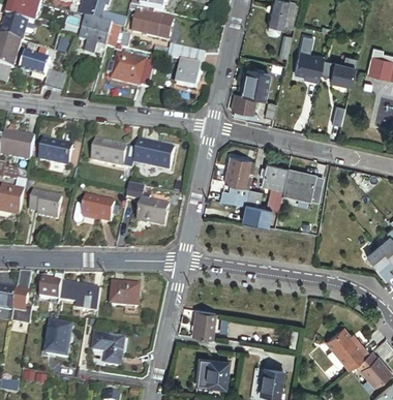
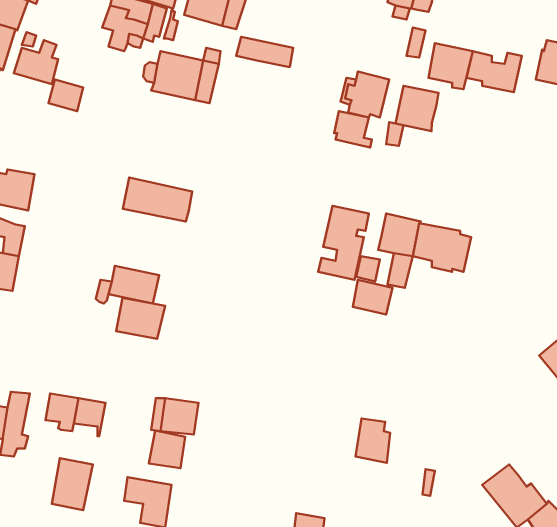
building: [175,62,201,88] -> none
building: none -> [395,86,439,131]
building: [40,141,74,165] -> none
building: [135,141,175,168] -> none
building: [29,190,59,218] -> none
building: [140,199,172,226] -> [116,298,165,339]
building: [77,286,100,311] -> [149,430,185,468]
building: [190,310,213,339] -> [355,419,390,463]

